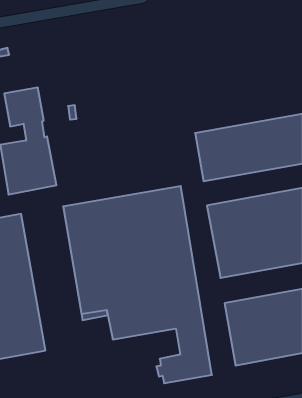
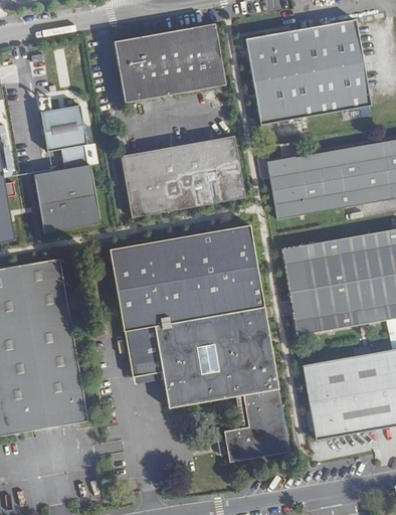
building: none -> [243,18,370,124]
building: none -> [112,22,224,103]
building: none -> [124,136,246,215]

